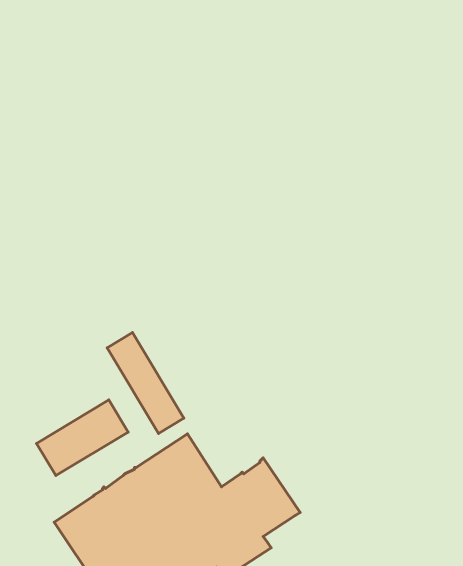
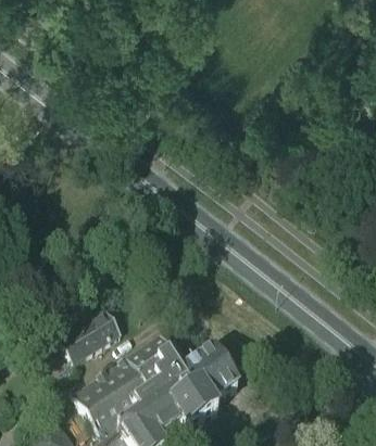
building: [107,333,184,433] -> none

